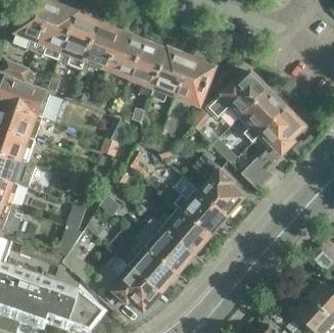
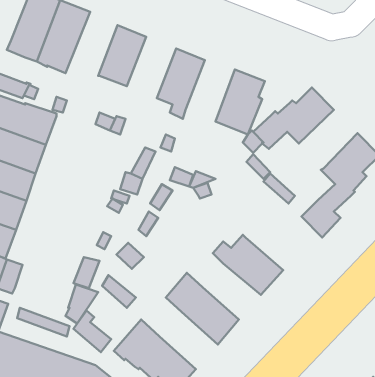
building: [58,11,99,68] -> none
building: [106,31,145,79] -> none
building: [150,47,191,100] -> none
building: [241,88,287,143] -> none
building: [193,152,245,213] -> none
building: [158,206,211,252] -> none
building: [130,239,178,291] -> none

